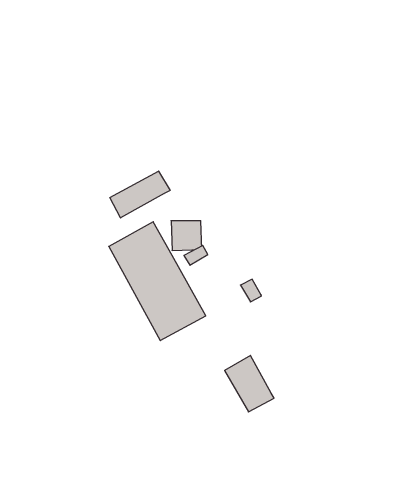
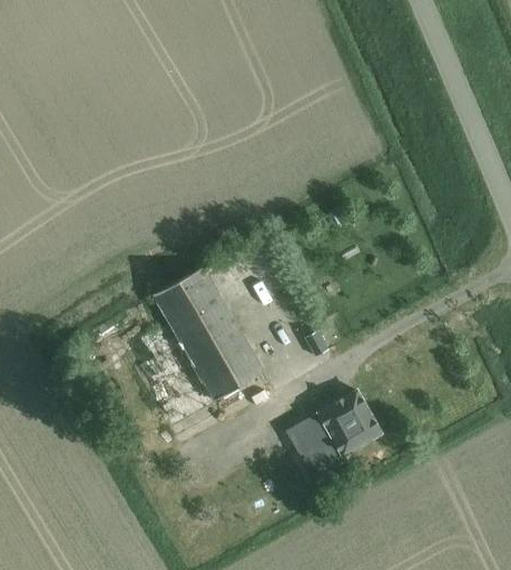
building: [110,171,170,218] -> none
building: none -> [314,394,377,459]

